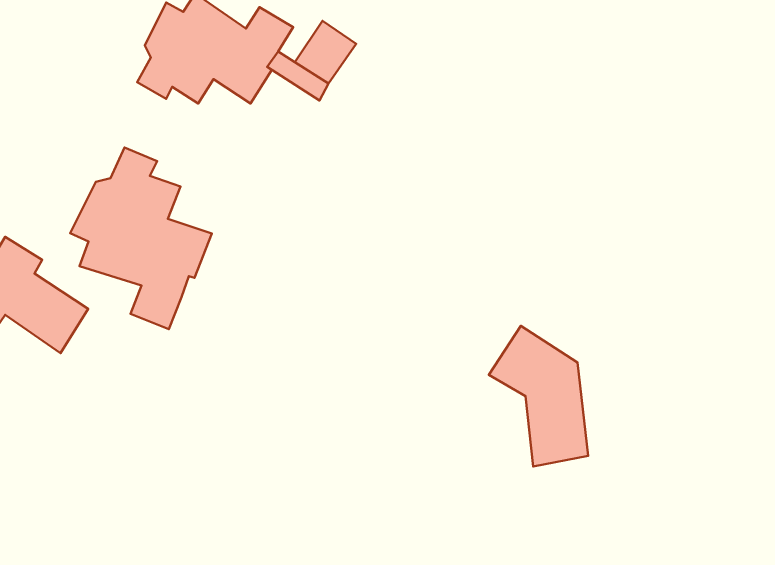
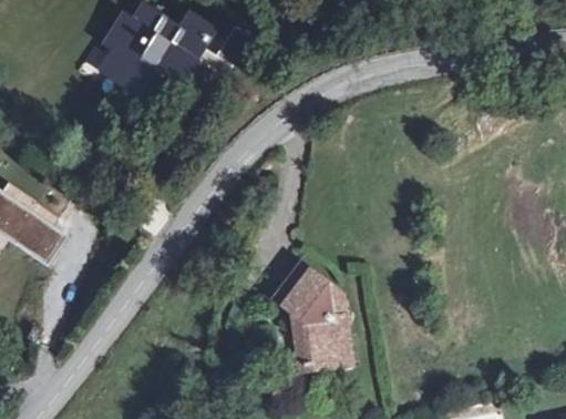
building: [70,148,212,329] -> none
building: [489,326,588,467] -> [275,264,347,366]

